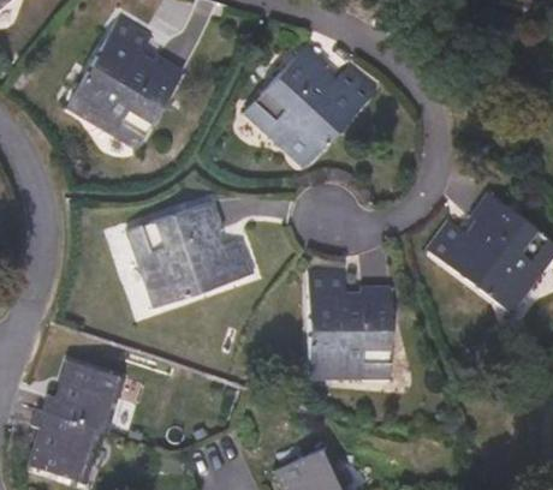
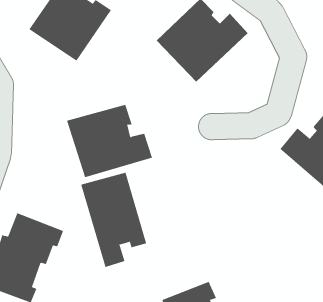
building: [308,275,390,377] -> none
building: none -> [81,172,147,268]

